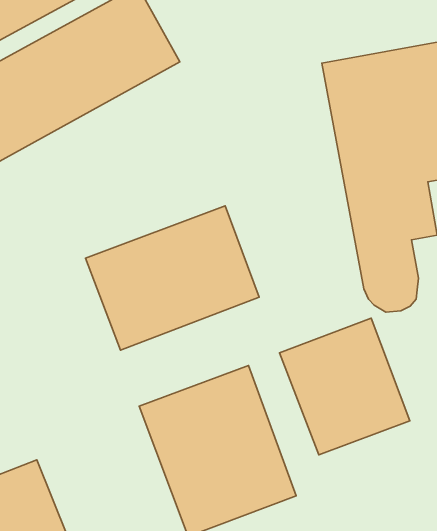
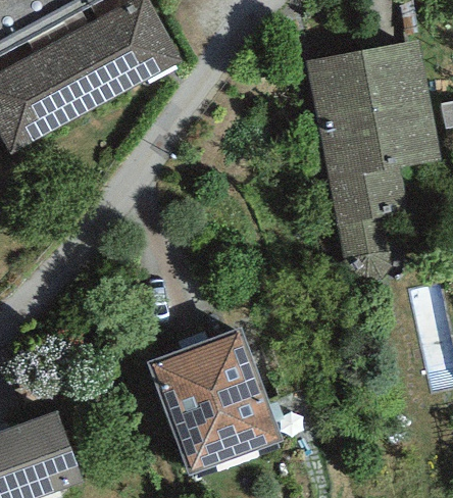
building: [86,206,259,350] -> none
building: [280,318,410,455] -> none

